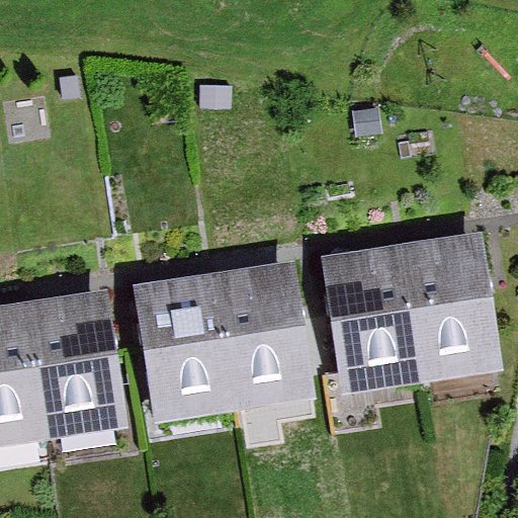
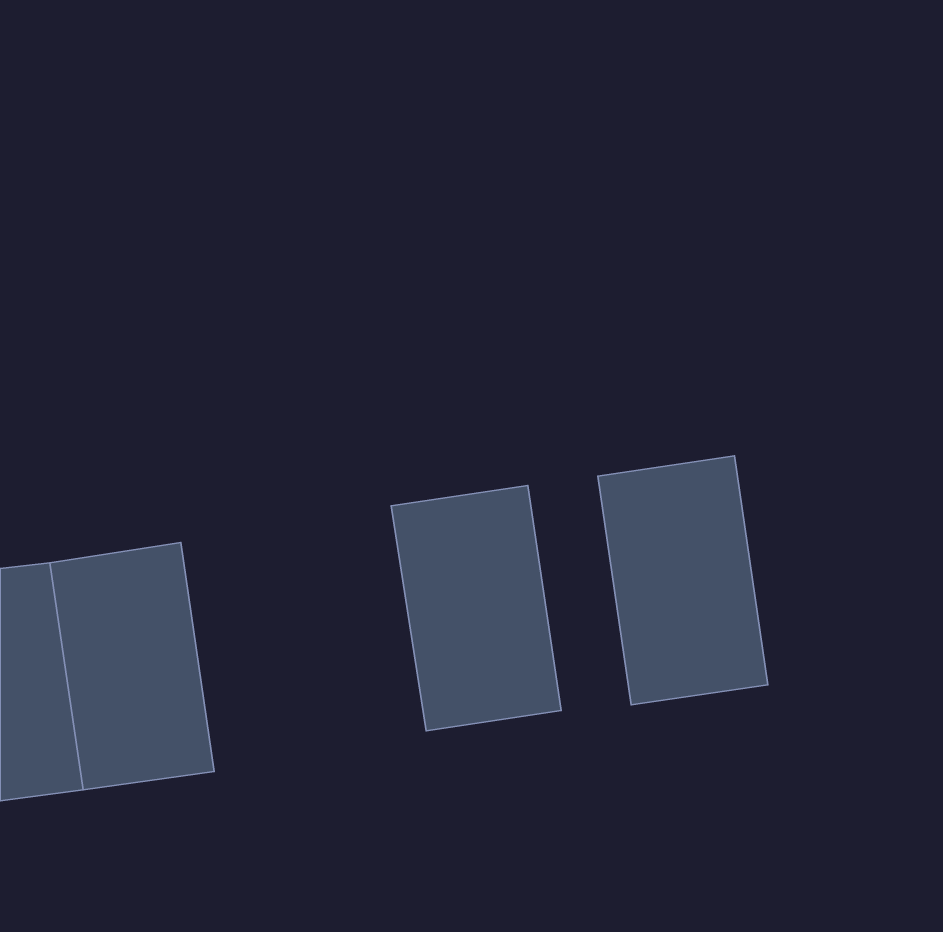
building: [403,239,496,375] -> none
building: [141,277,234,413] -> none

